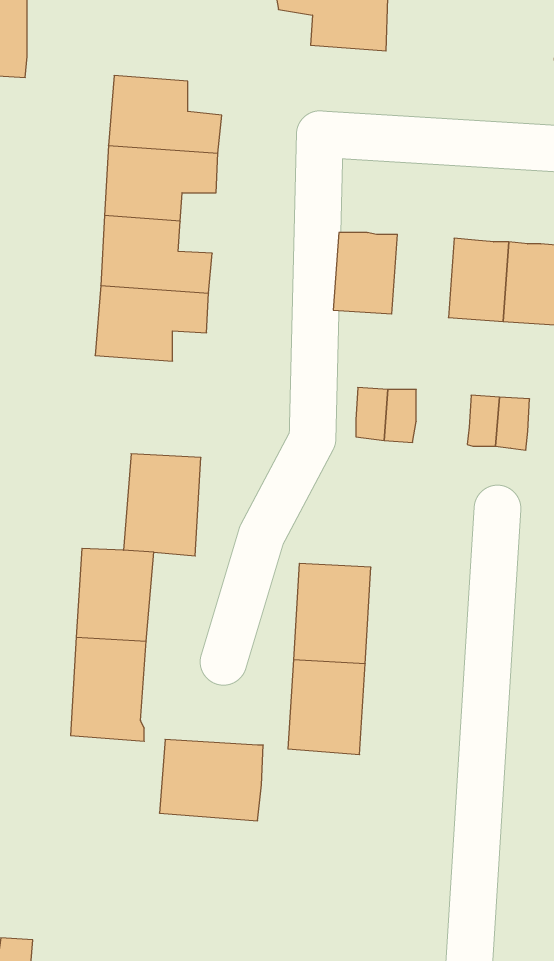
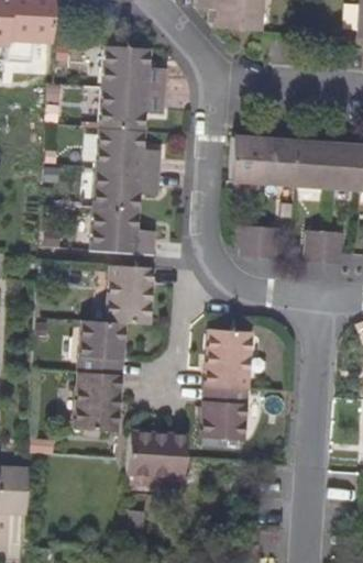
building: none -> [263,137,299,186]
building: none -> [88,208,153,254]

